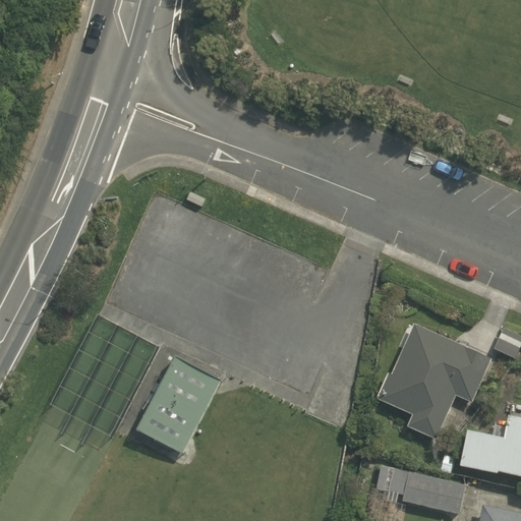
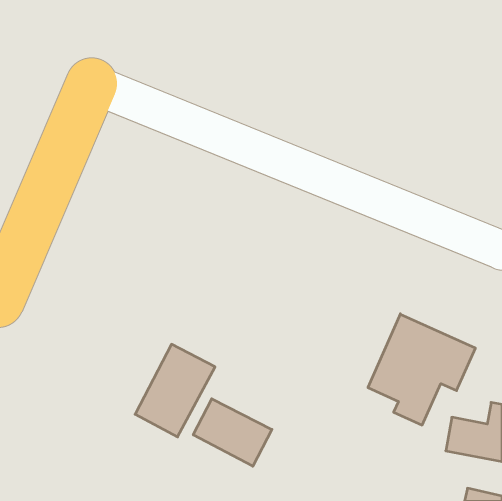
building: none -> [193,399,272,466]
building: [375,461,466,513] -> none

